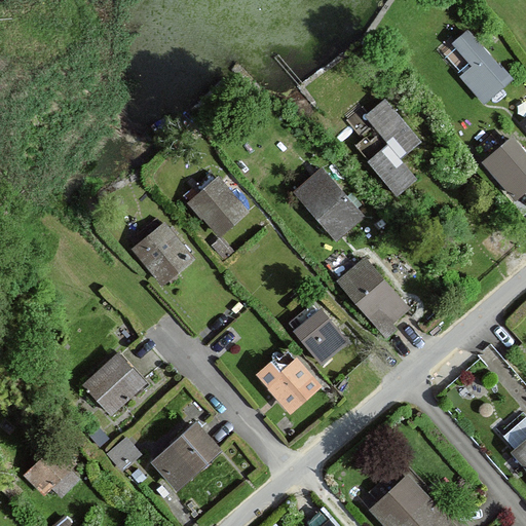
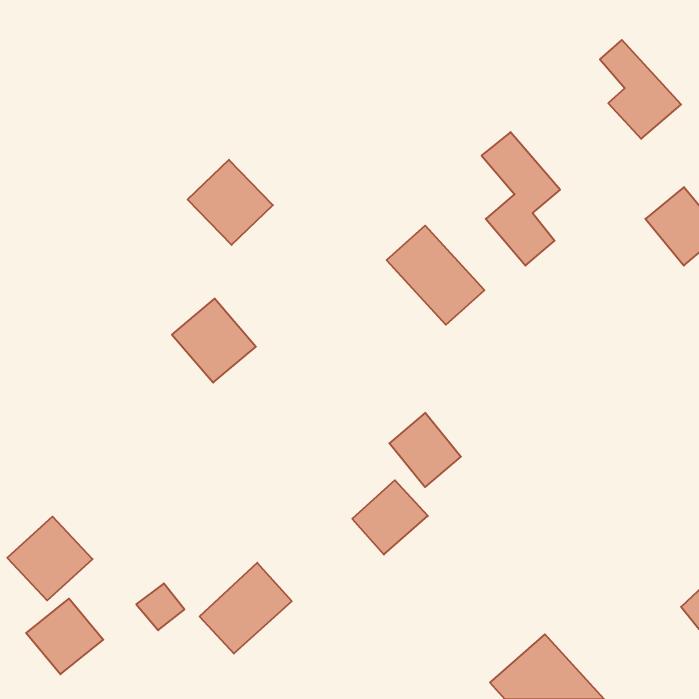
building: [185,175,249,238] -> [188,160,273,245]
building: [335,257,410,336] -> none
building: [83,351,147,414] -> [7,517,93,600]

